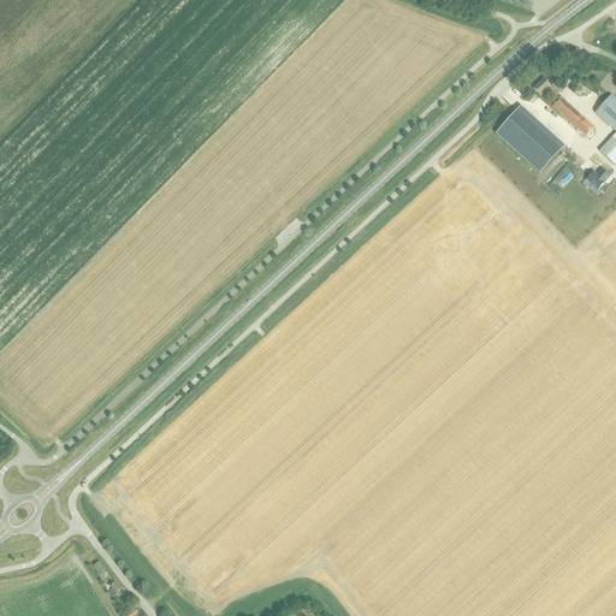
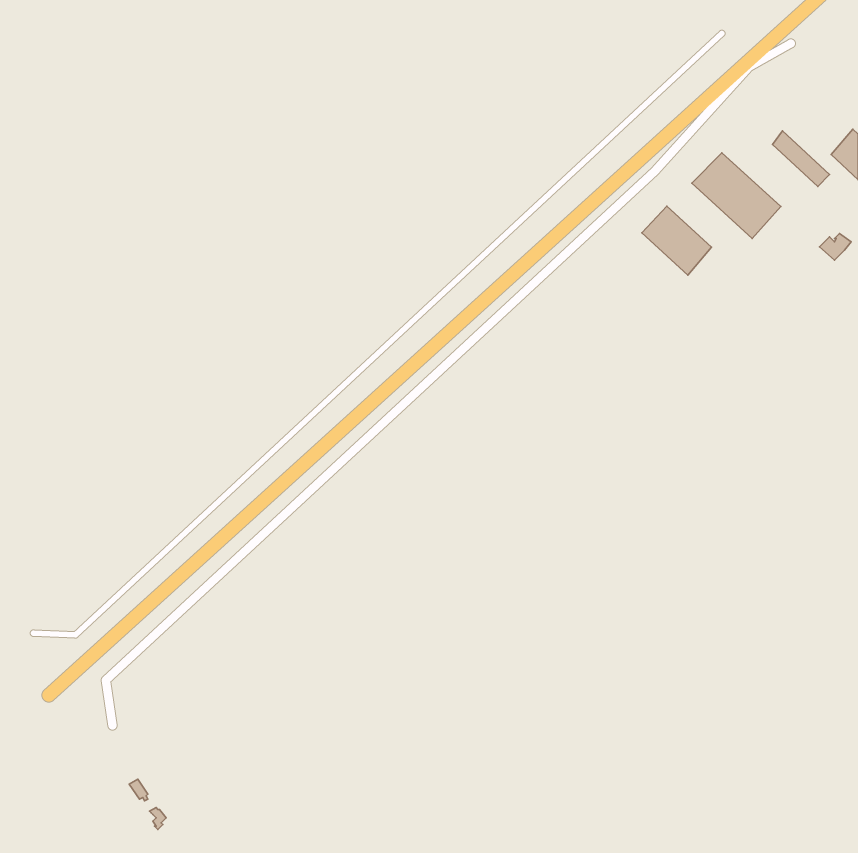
building: none -> [642,206,712,275]

